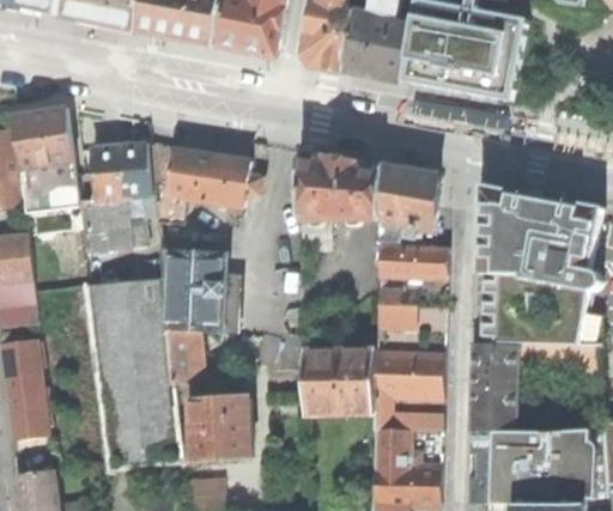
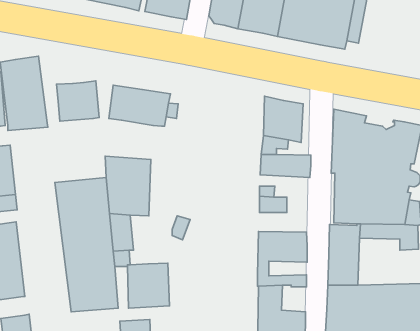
building: [150,145,183,223] -> none
building: [301,150,381,220] -> none
building: [79,195,148,251] -> none
building: [303,347,375,415] -> none

